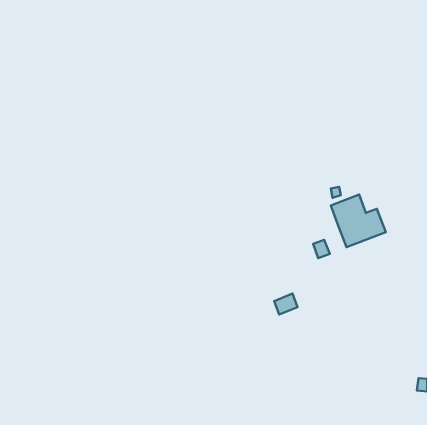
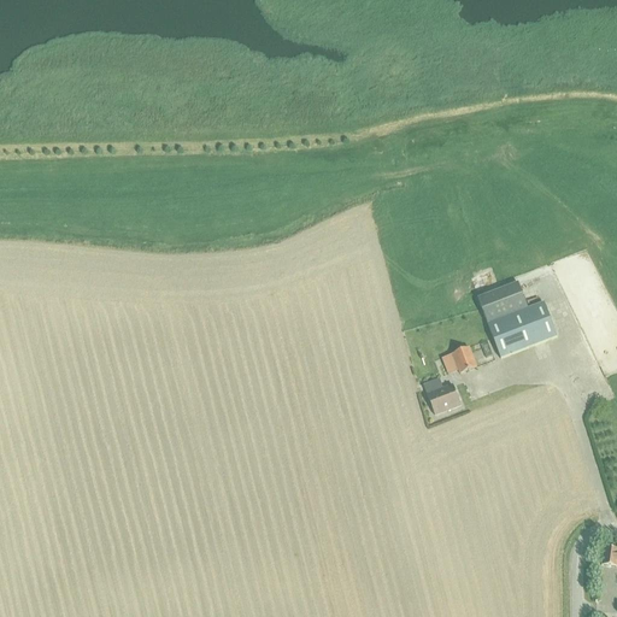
building: [274,294,298,315] -> [425,382,459,412]

